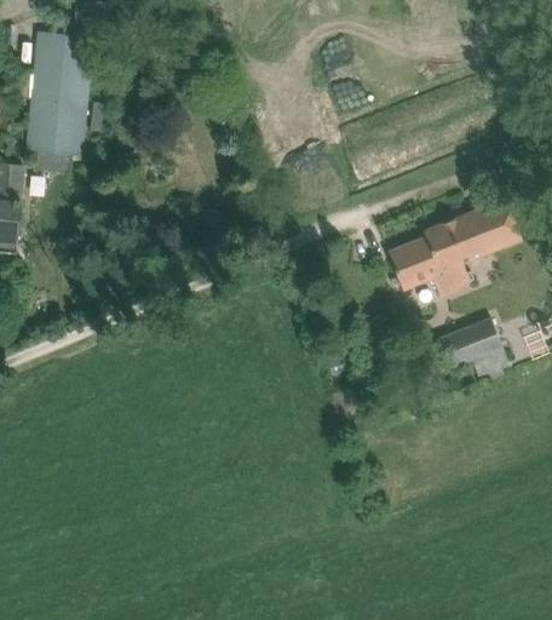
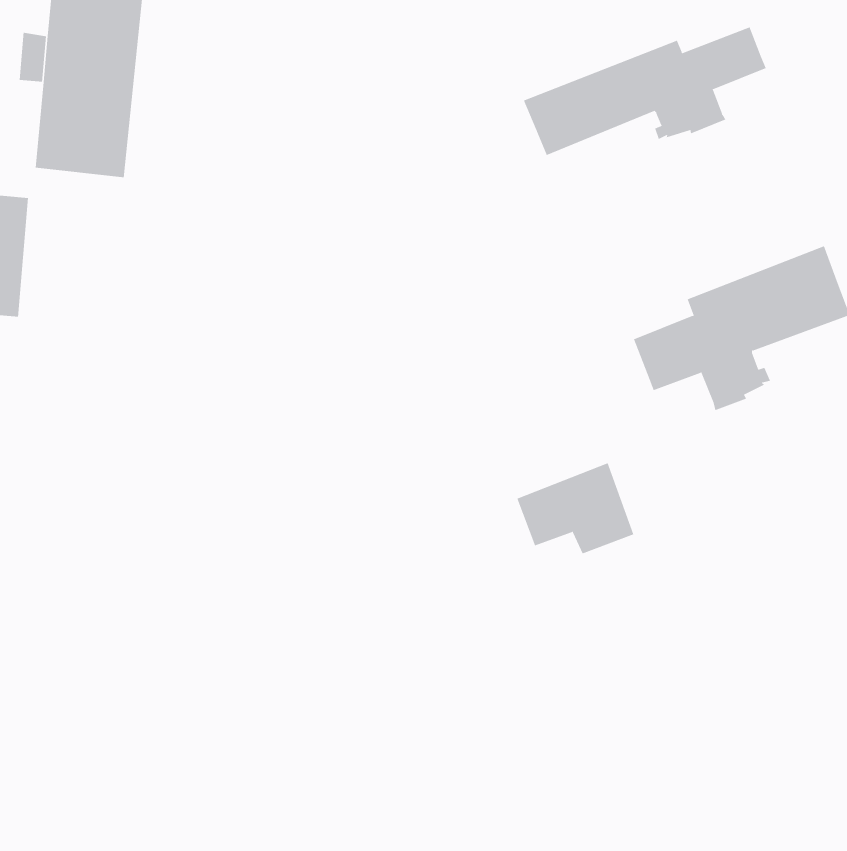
building: none -> [523,27,767,156]
building: [437,318,508,374] -> [516,463,634,554]

